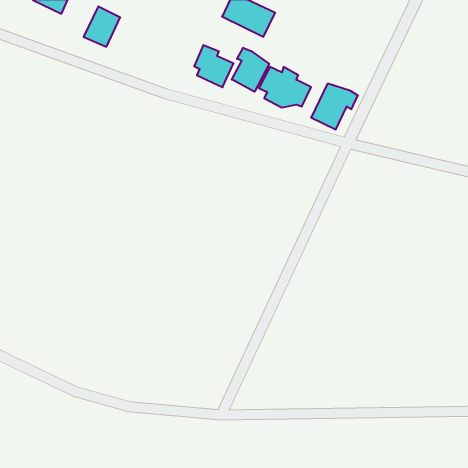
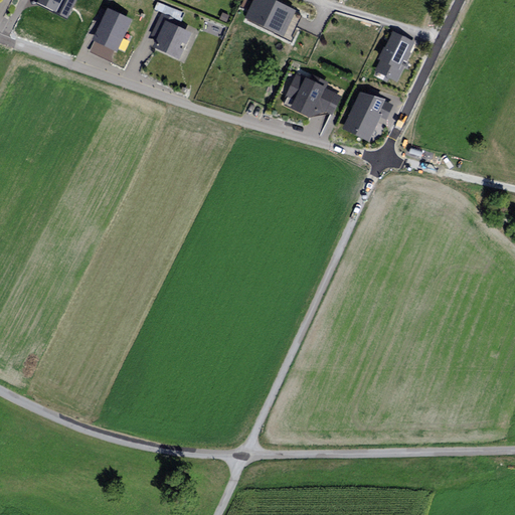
building: none -> [374,30,415,82]
building: [194,45,234,87] -> [149,13,192,59]
building: [232,48,269,92] -> none

